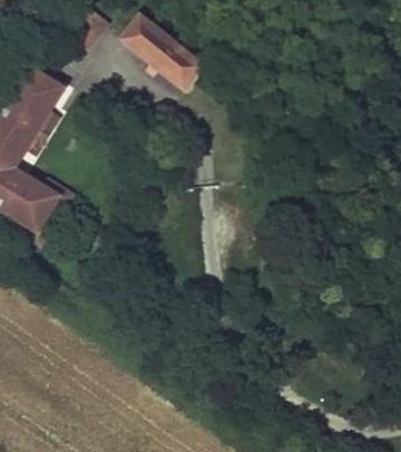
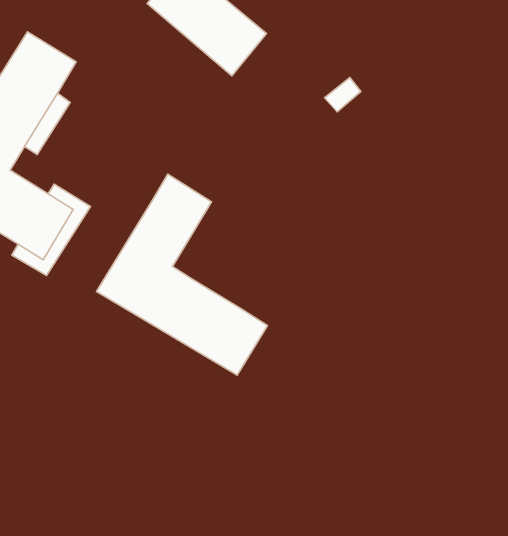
building: none -> [97,174,268,375]

